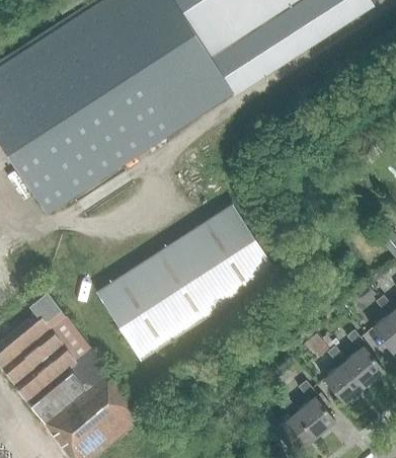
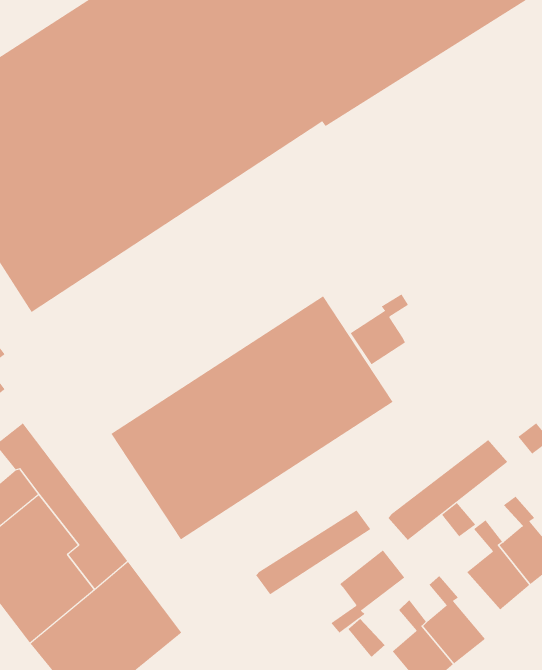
building: none -> [350,293,409,365]
building: none -> [388,439,508,541]
building: none -> [255,509,371,595]
building: none -> [330,549,405,633]

